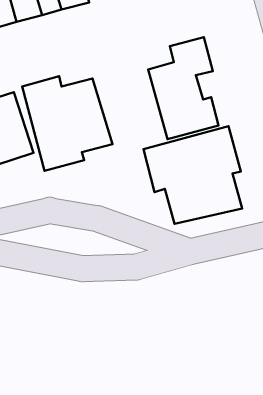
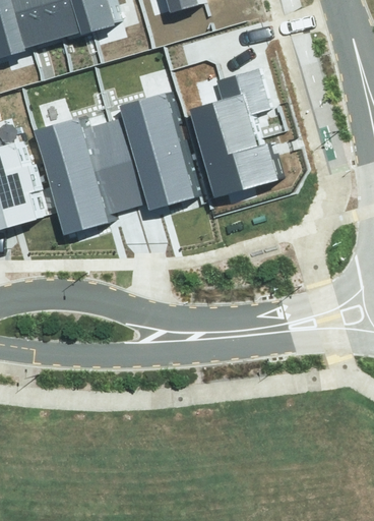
building: none -> [116,89,201,212]
building: [143,126,242,224] -> none

